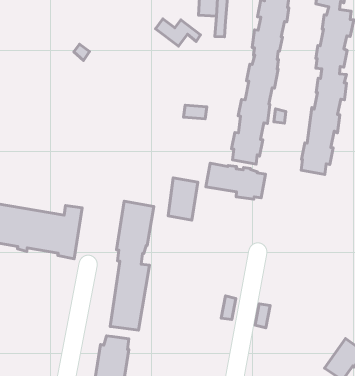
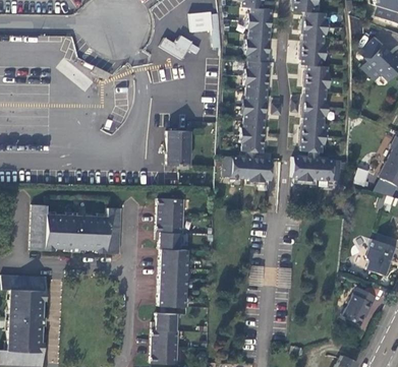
building: none -> [291,156,341,181]
building: [168,178,198,220] -> [167,130,188,164]

